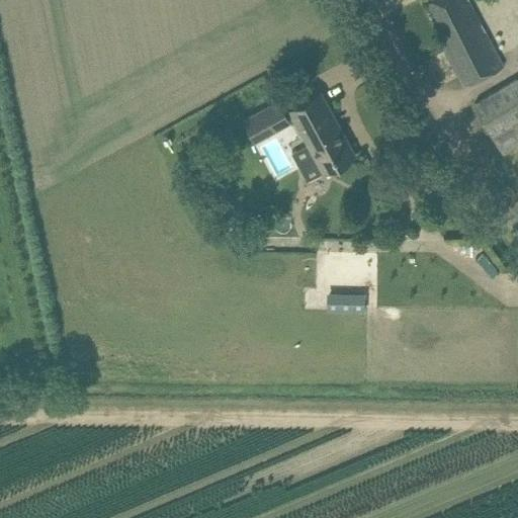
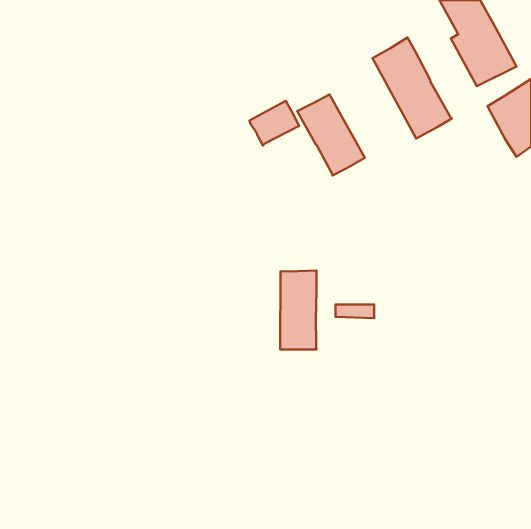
building: none -> [373,38,452,138]
building: none -> [280,271,317,350]

